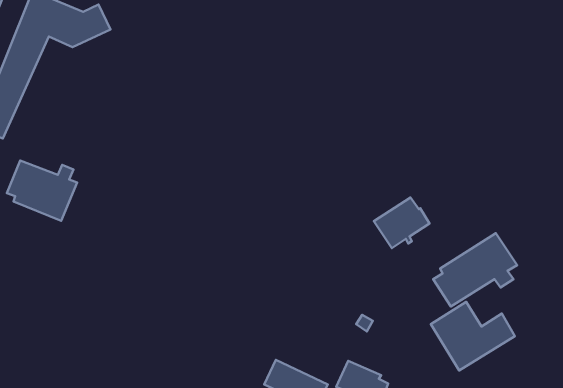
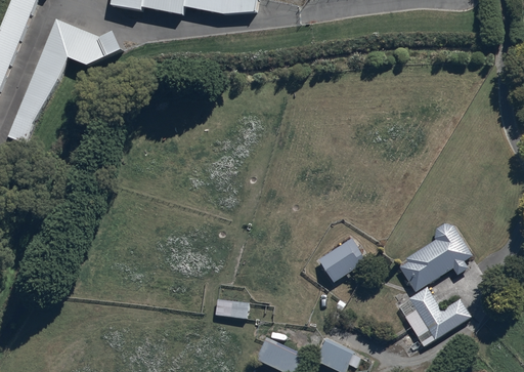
building: [7,161,77,221] -> none
building: [374,197,430,248] -> [319,239,367,283]
building: none -> [215,298,250,319]

